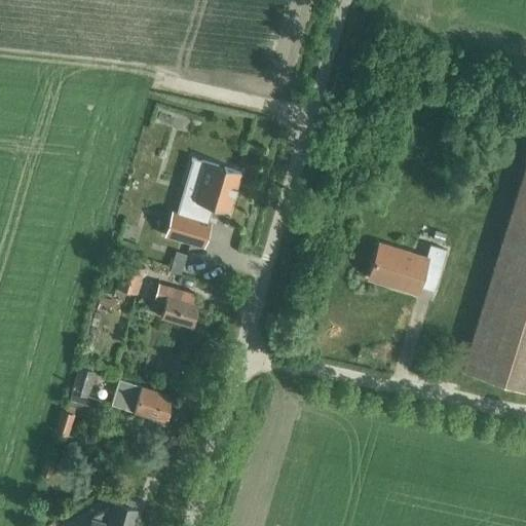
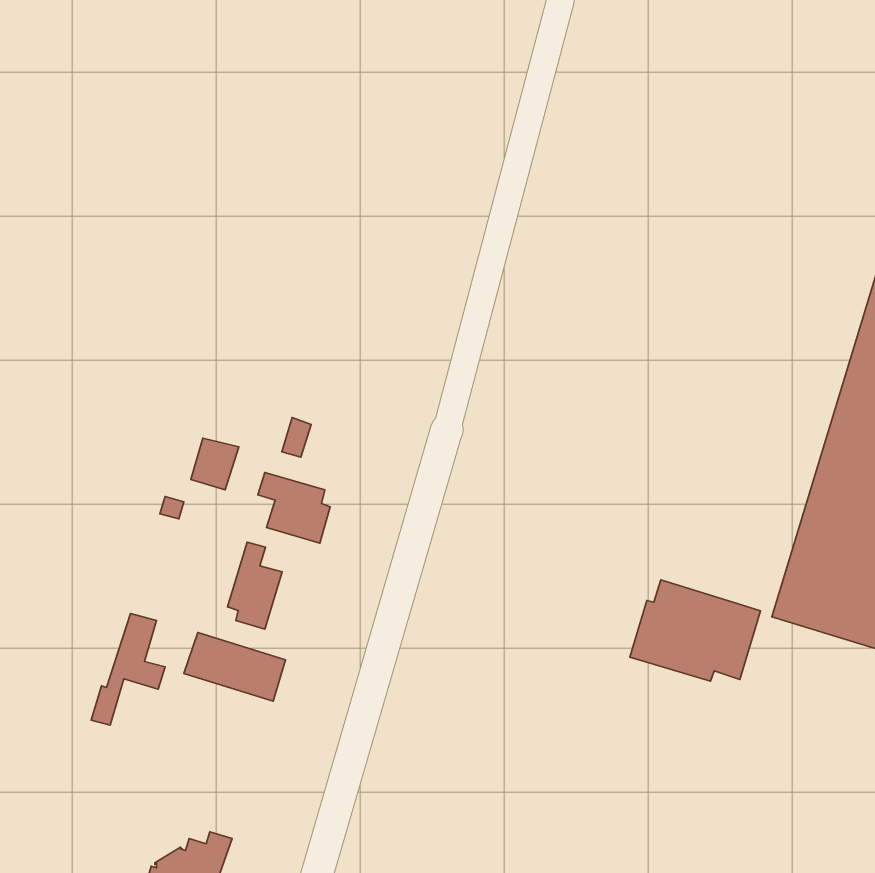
building: [166,160,241,249] -> none
building: [370,234,448,295] -> [630,580,760,681]
building: none -> [227,542,282,629]

